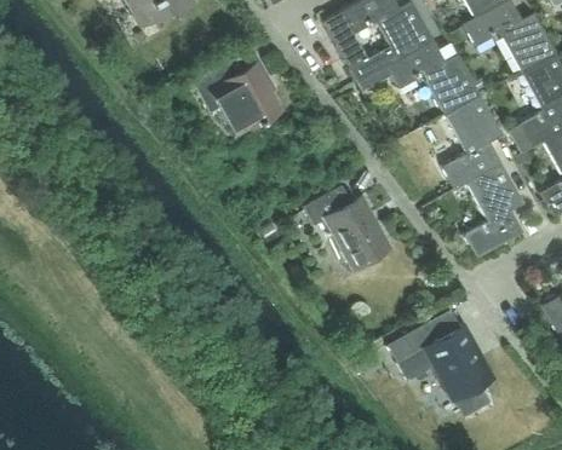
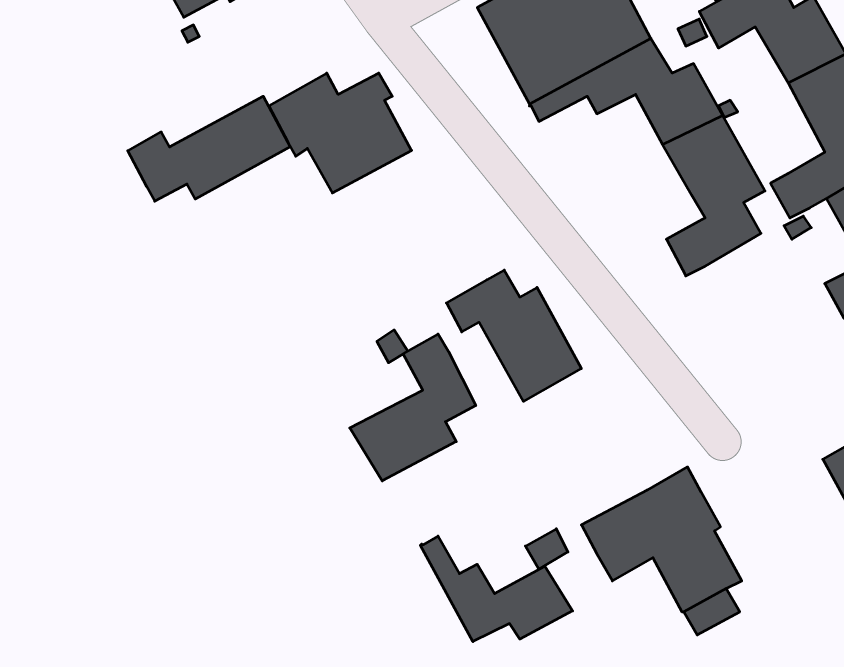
building: none -> [128,96,290,201]
building: [465,162,524,259] -> none
building: none -> [350,334,476,481]
building: none -> [420,536,573,642]

